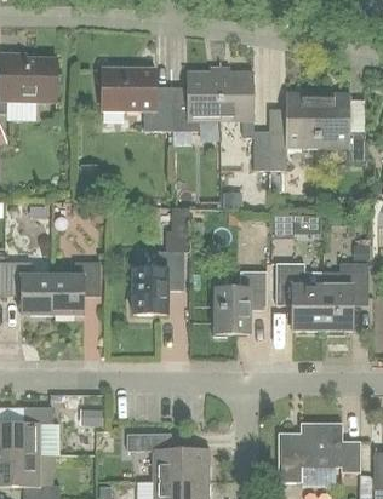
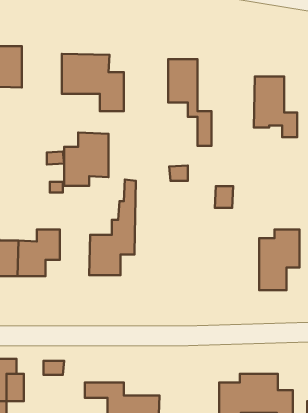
building: [171,70,221,130] -> [64,133,109,186]
building: [269,91,318,168] -> none
building: [275,262,322,329] -> none
building: [216,270,267,333] -> none

